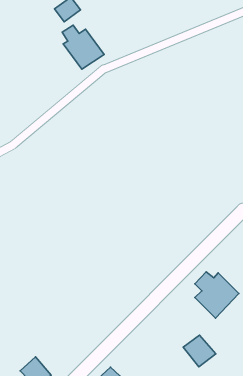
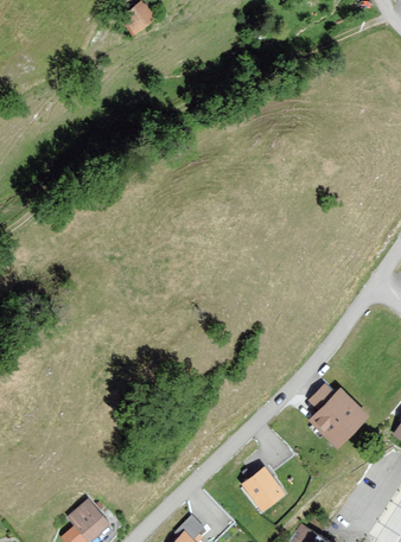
building: [62,25,104,69] -> none
building: [183,335,216,367] -> [241,465,286,509]

